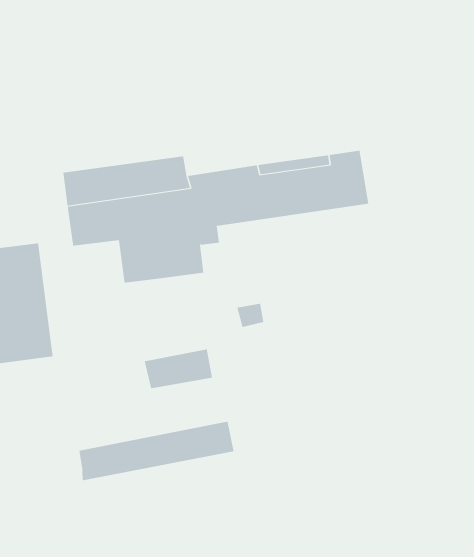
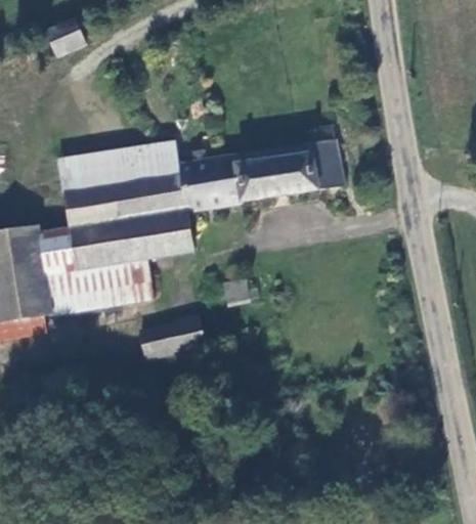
building: none -> [49,17,87,53]
building: none -> [41,219,153,312]
building: [79,421,234,481] -> none

